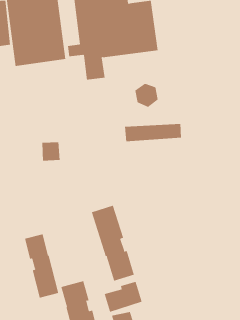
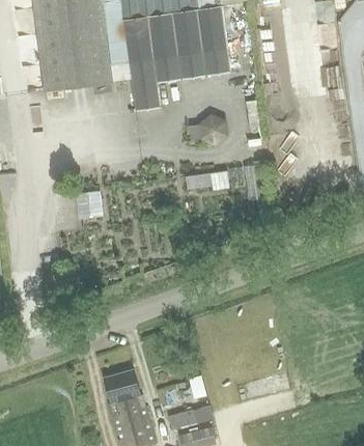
building: [91,205,135,281] -> none
building: [25,234,59,299] -> none

